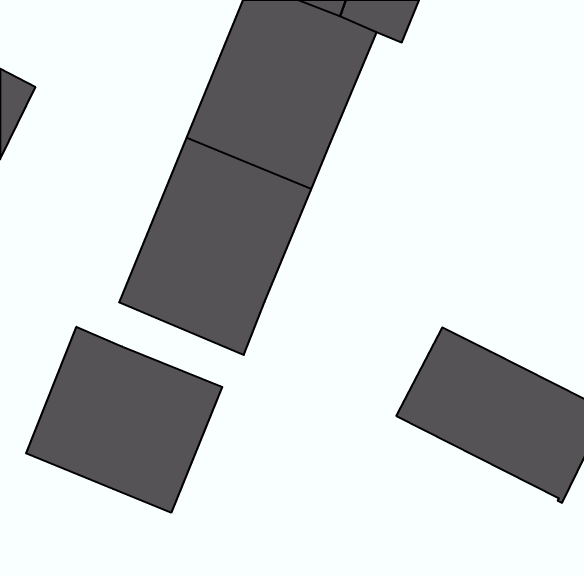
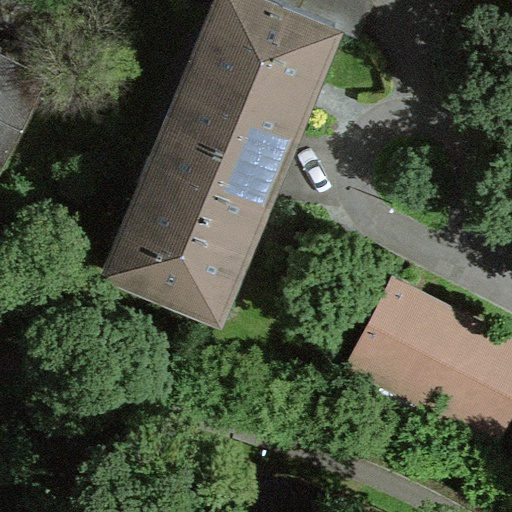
building: [26,327,222,513] -> none

